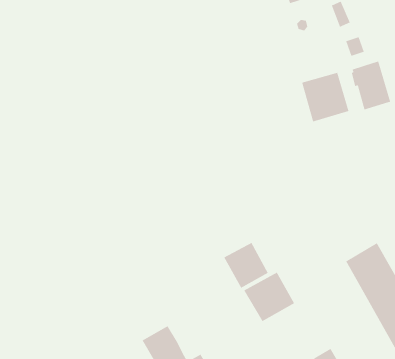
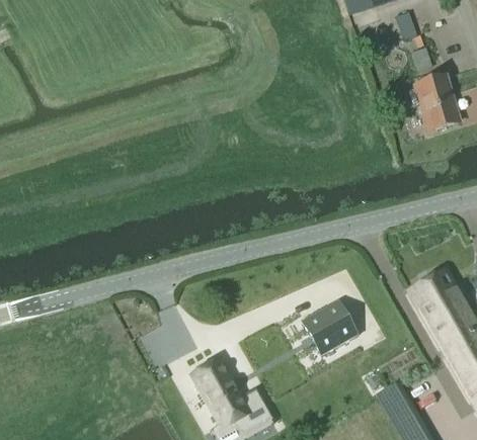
building: [301,72,350,123] -> none
building: [223,242,269,289] -> none

